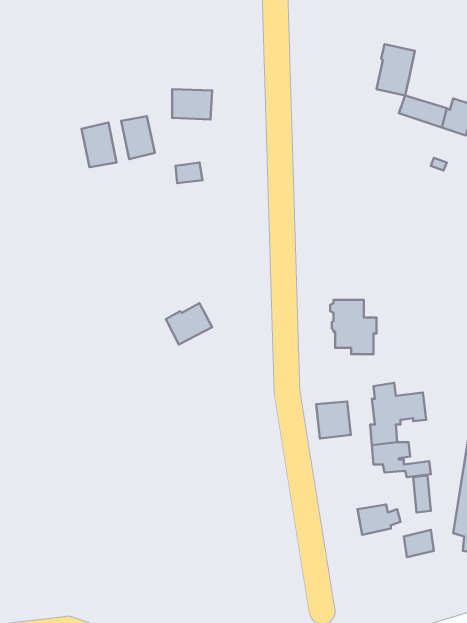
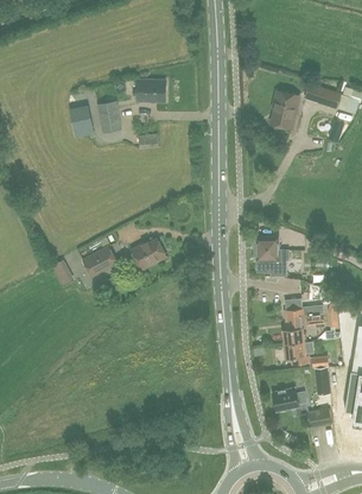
building: [377,44,415,95] -> [271,91,299,129]
building: none -> [83,247,118,277]
building: [316,402,351,439] -> none

